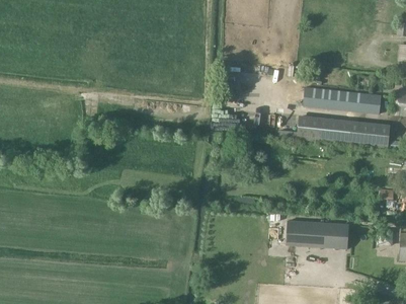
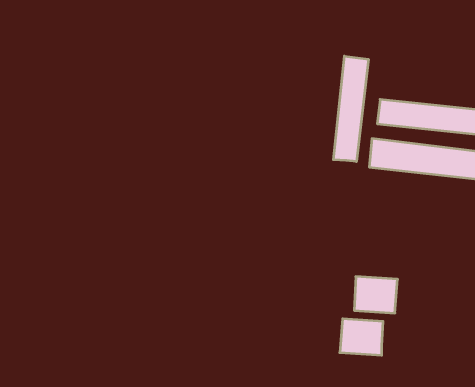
building: none -> [333,56,368,162]
building: [316,222,348,249] -> [340,319,383,355]

